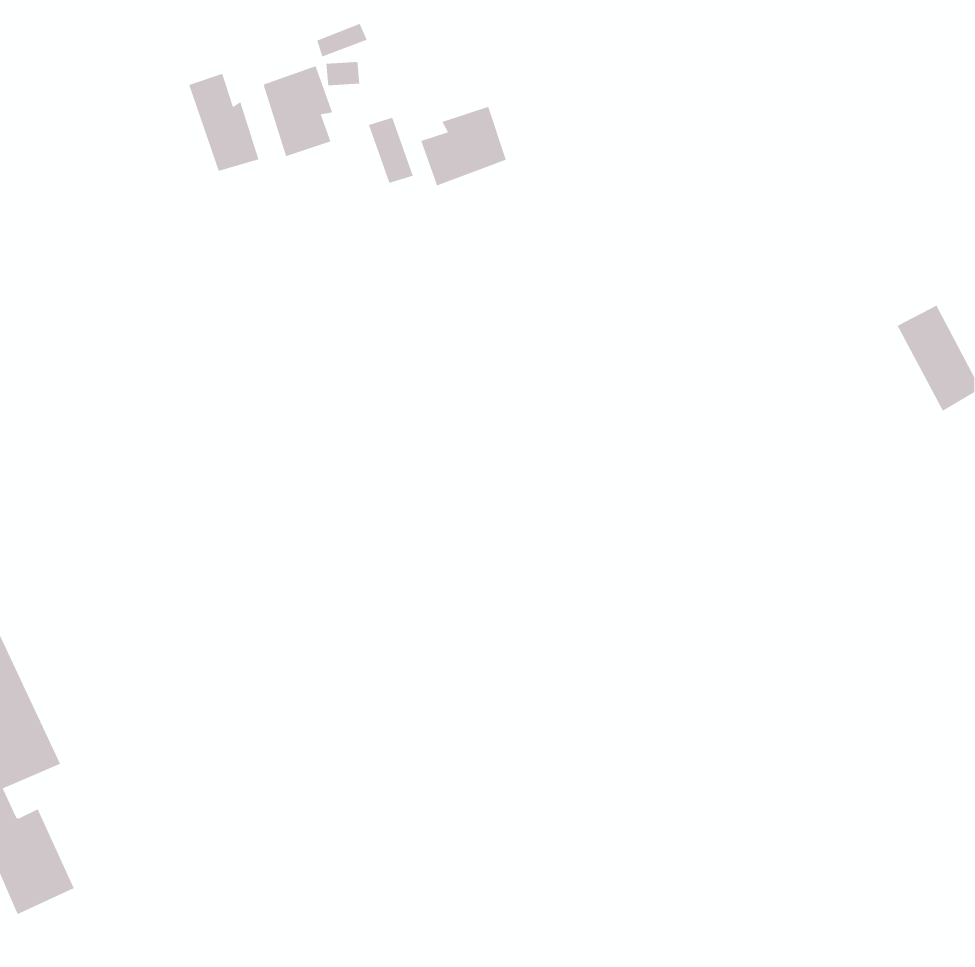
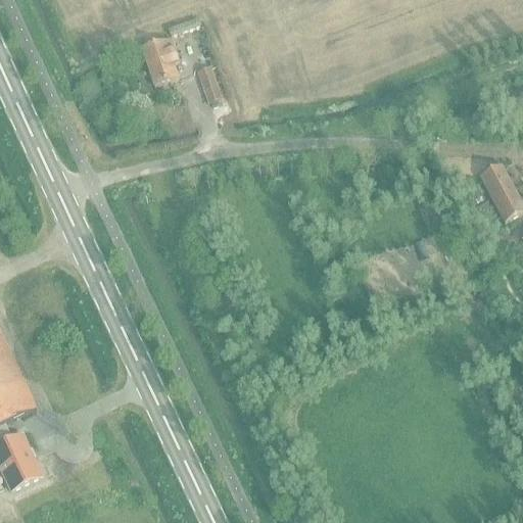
building: [188,73,260,172] -> none
building: [420,106,507,186] -> none

